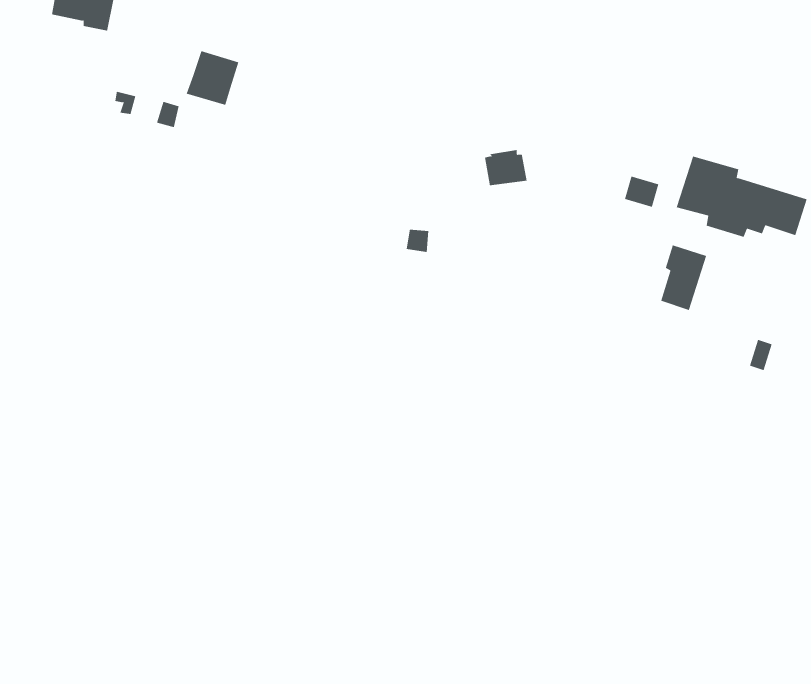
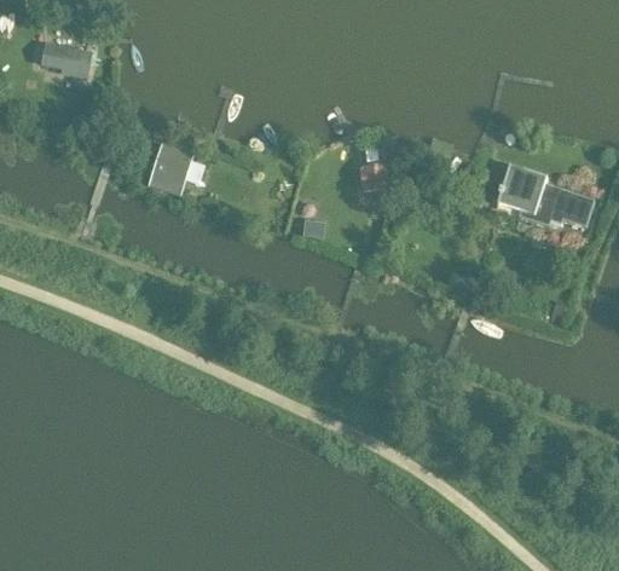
building: [186,51,239,106] -> [150,151,189,191]
building: [660,245,707,311] -> none

